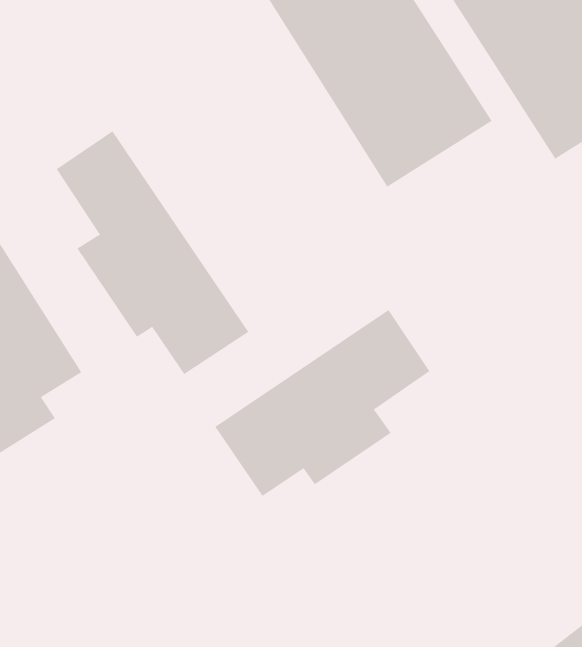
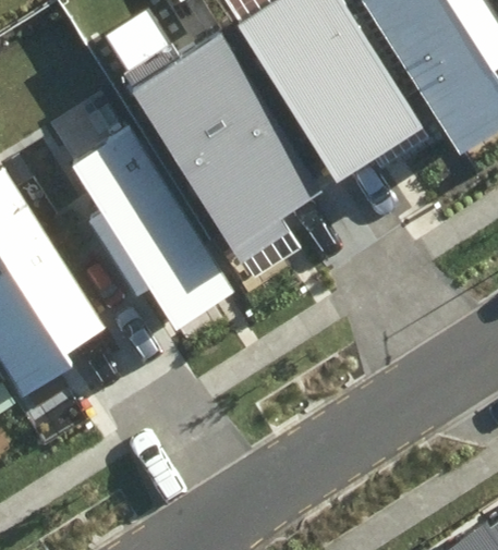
building: none -> [138,36,314,253]
building: [214,309,430,497] -> none

